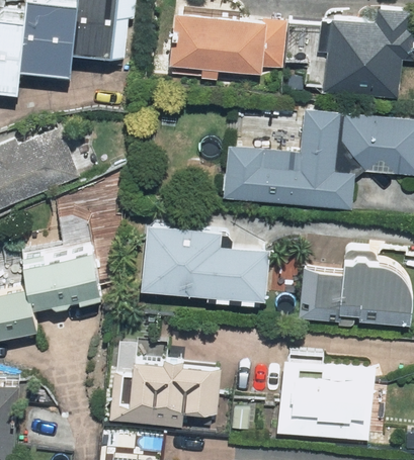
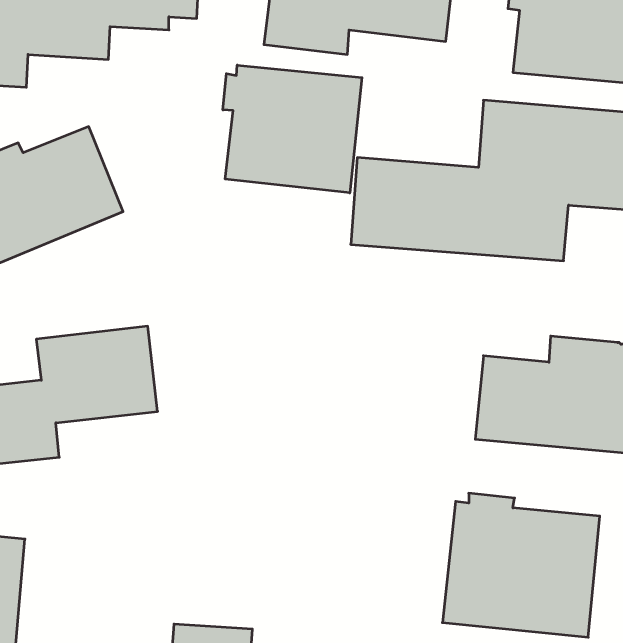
building: none -> [223,65,362,193]
building: [143,219,272,301] -> none
building: [107,344,220,431] -> none

